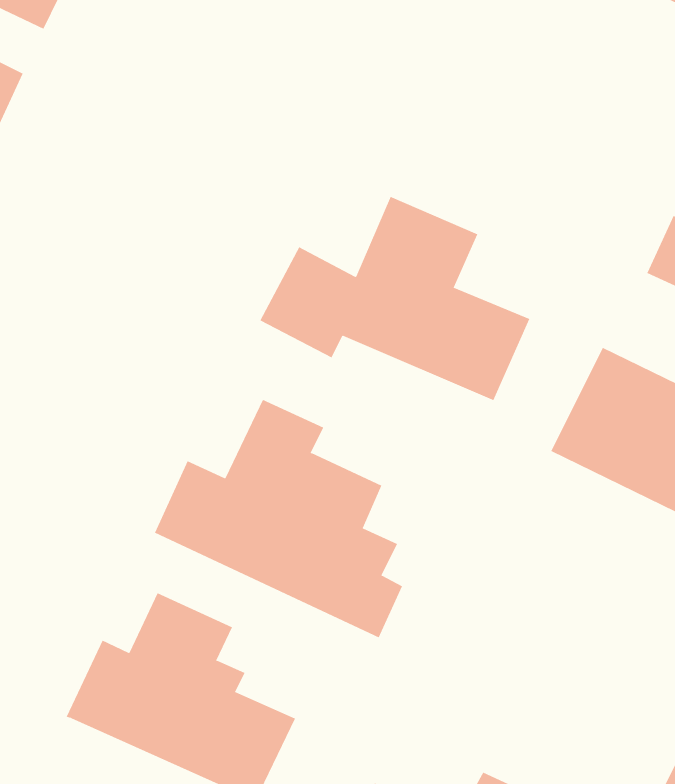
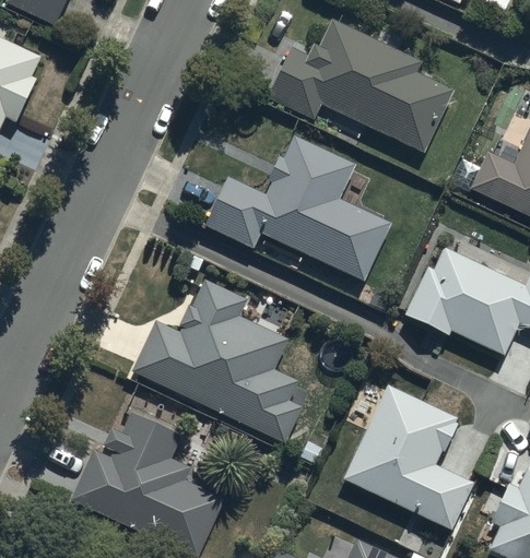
building: none -> [270,20,454,153]
building: none -> [342,382,474,529]

